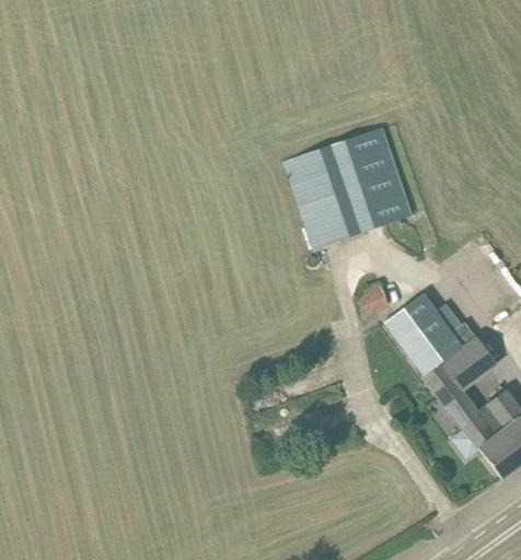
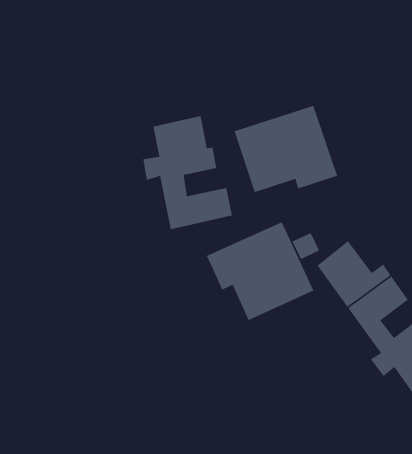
building: none -> [142,115,233,230]
building: none -> [206,221,315,321]

